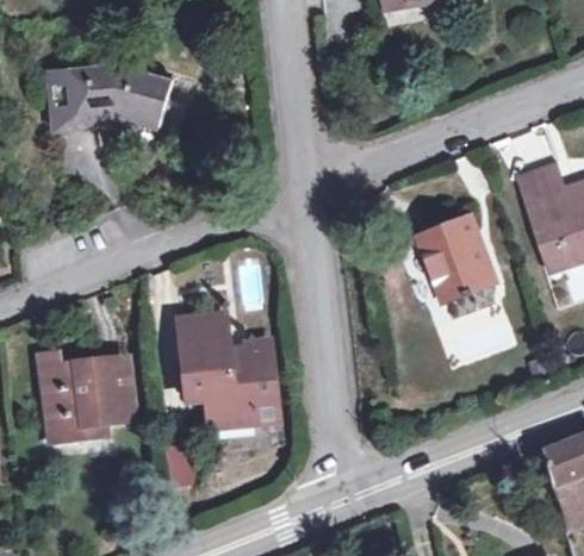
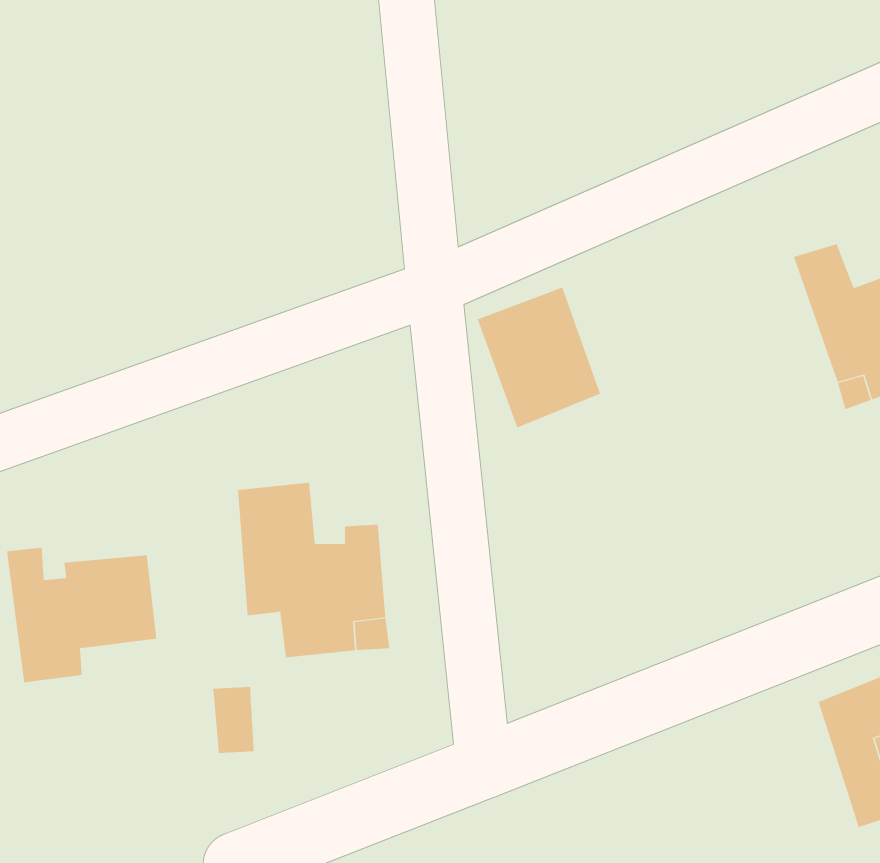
building: [52,58,178,130] -> none
building: [417,212,495,300] -> [477,287,601,428]

